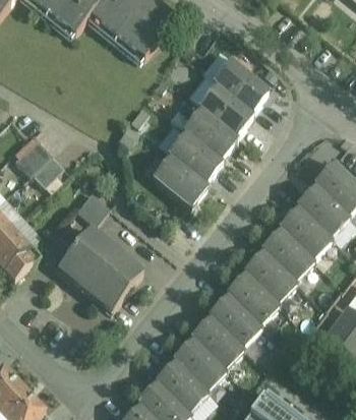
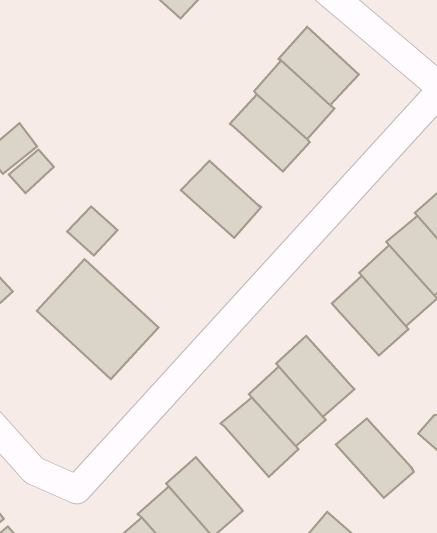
building: [167,129,223,182] -> none
building: [242,248,297,302] -> [336,418,414,498]
building: [172,336,227,391] -> none

